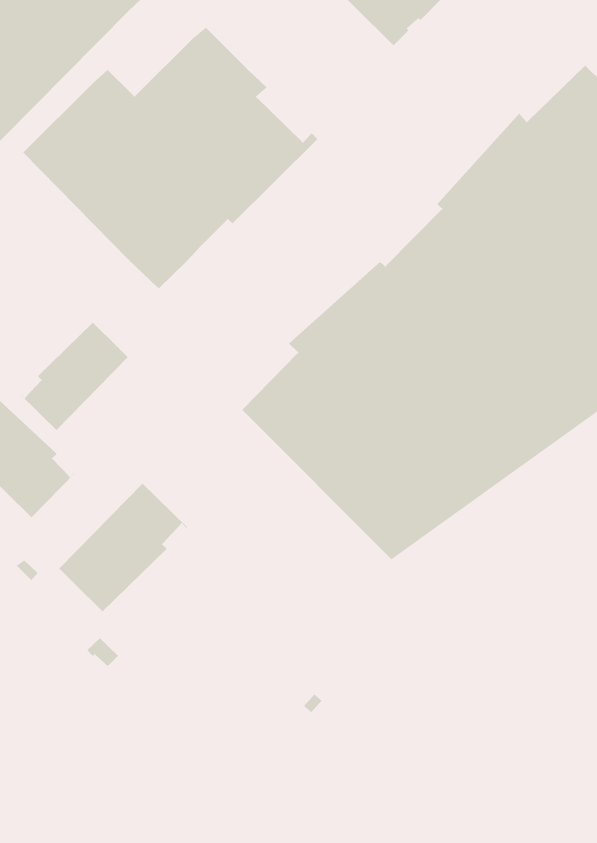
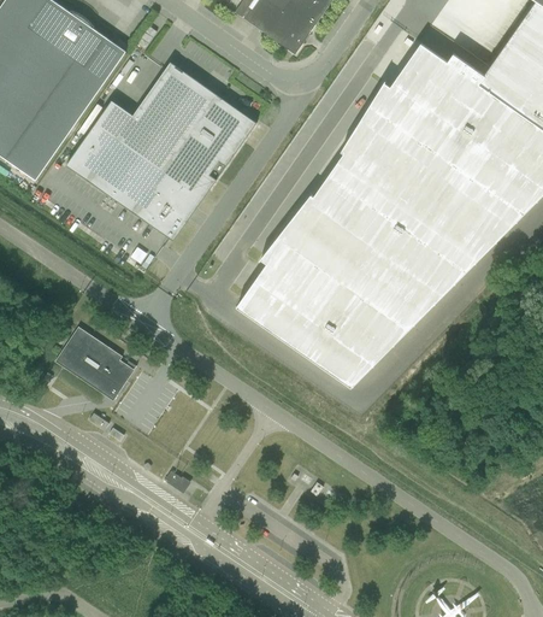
building: [19,322,129,431] -> none
building: [59,483,189,612] -> none

